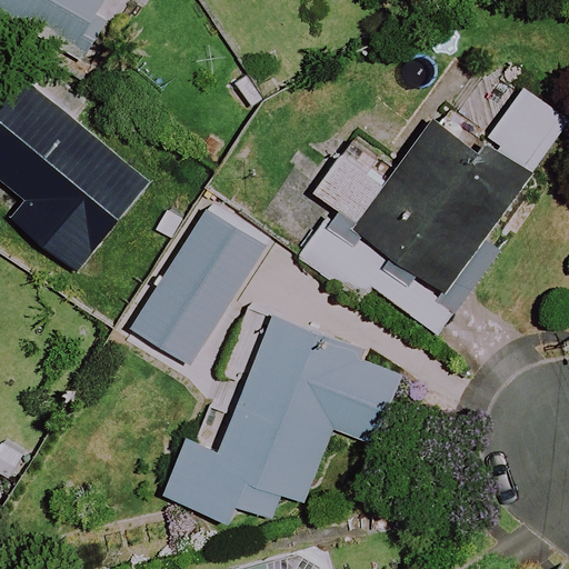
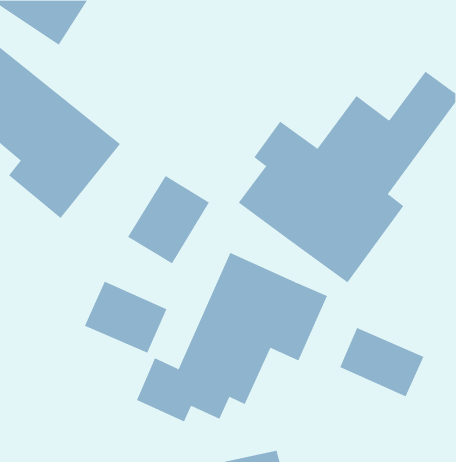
building: none -> [84,281,167,353]
building: none -> [339,327,424,397]

